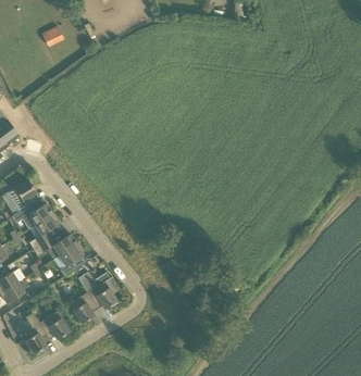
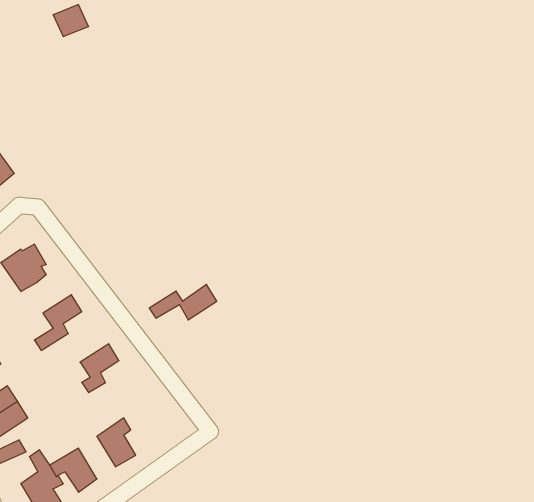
building: [12,203,53,225] -> none
building: [34,234,77,256] -> [149,284,217,320]
building: [87,278,120,310] -> none

